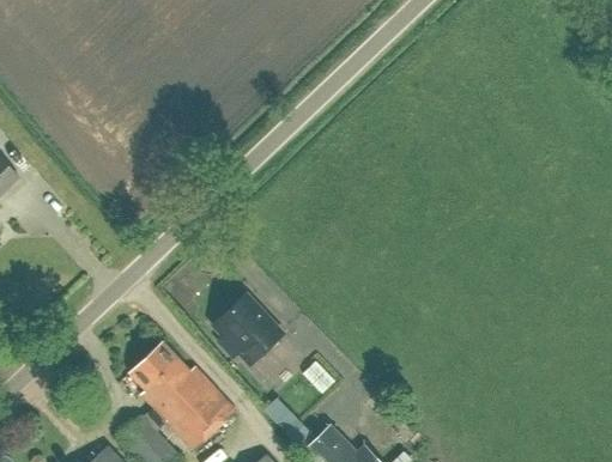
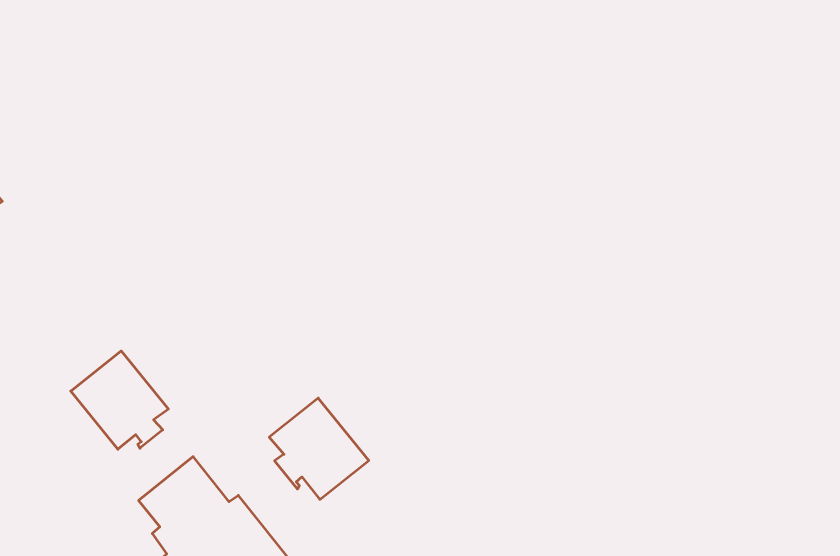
building: none -> [71,351,168,449]

